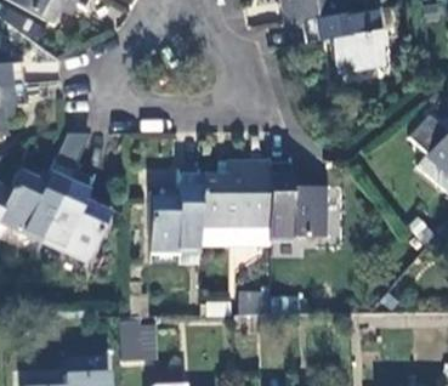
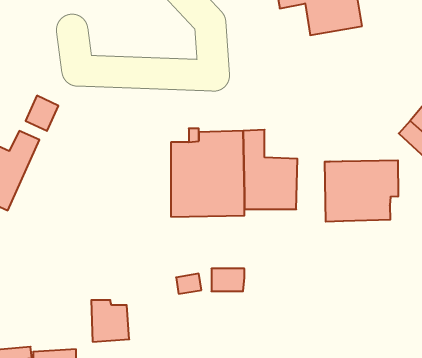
building: [44,170,110,259] -> none
building: [151,172,200,246] -> none
building: none -> [325,160,398,222]

